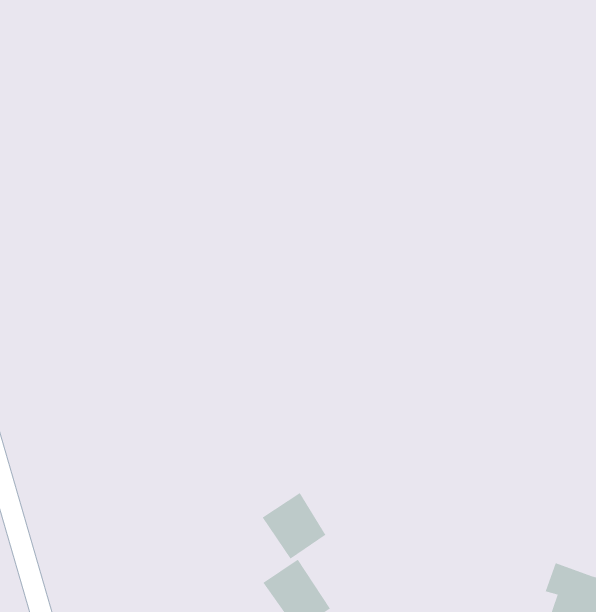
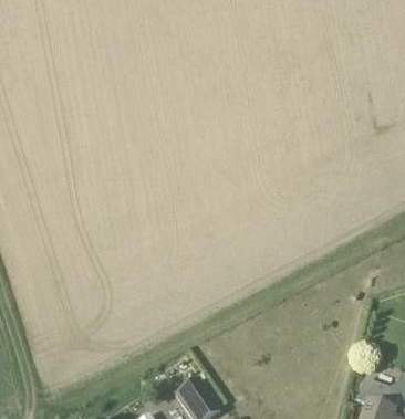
building: [262,492,326,559] -> none

